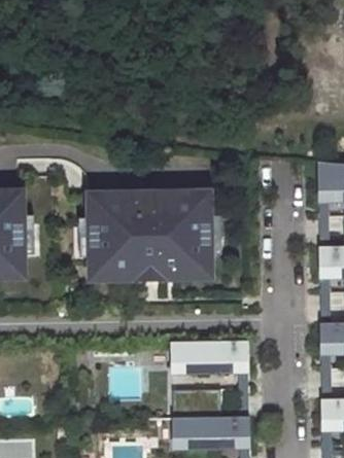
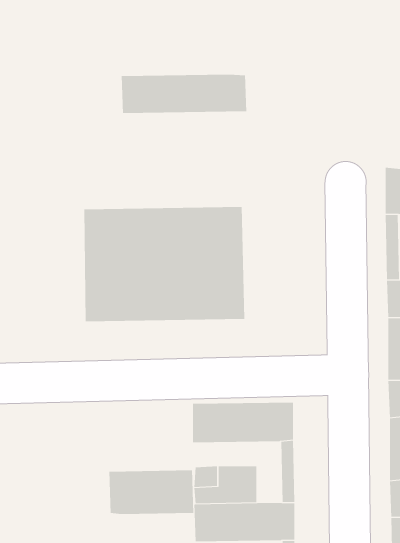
building: none -> [121,74,247,114]
building: none -> [109,469,194,515]

